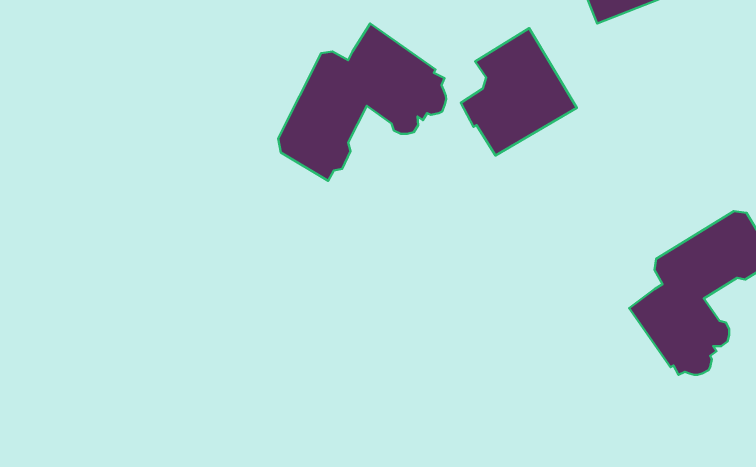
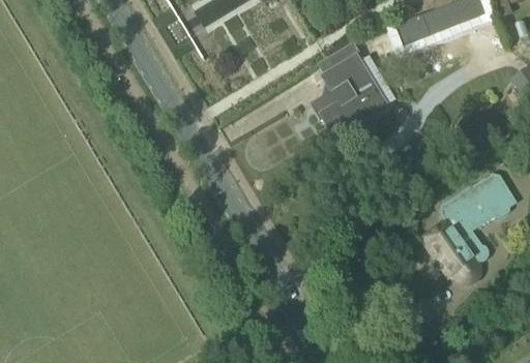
building: [278,24,446,181] -> none

